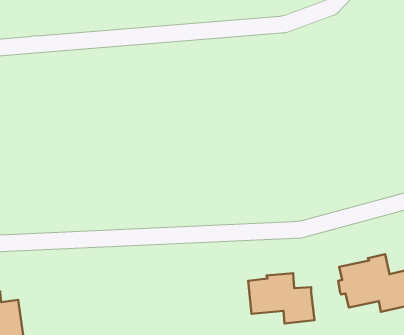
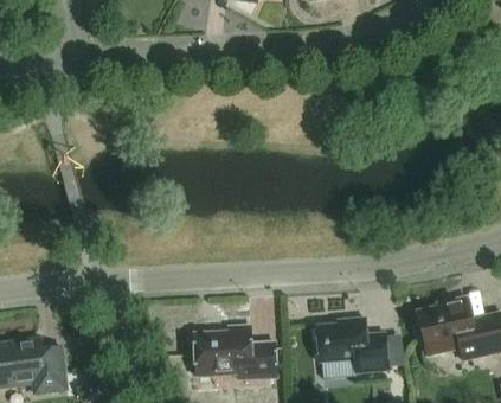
building: none -> [193,325,276,378]

